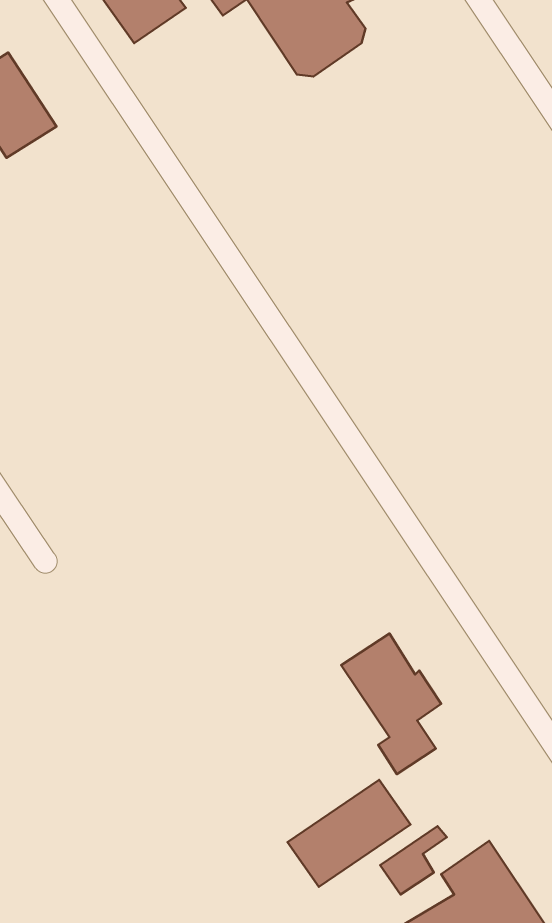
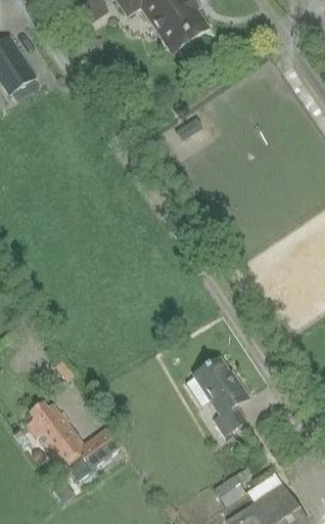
building: none -> [28,401,120,480]
building: [287,780,411,887] -> none

